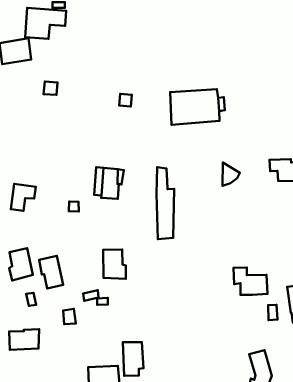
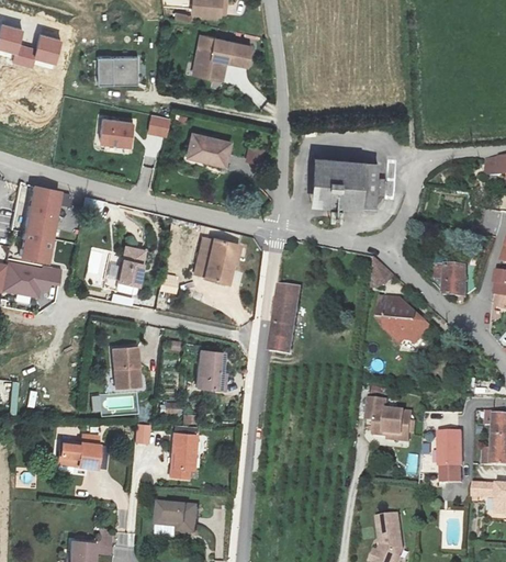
building: [25,8,66,39] -> [191,35,250,80]
building: none -> [100,121,133,147]
building: none -> [187,133,229,166]
building: none -> [116,248,144,285]
building: none -> [380,299,430,351]
building: [9,248,33,281] -> none
building: [123,342,144,376] -> [168,434,198,481]

